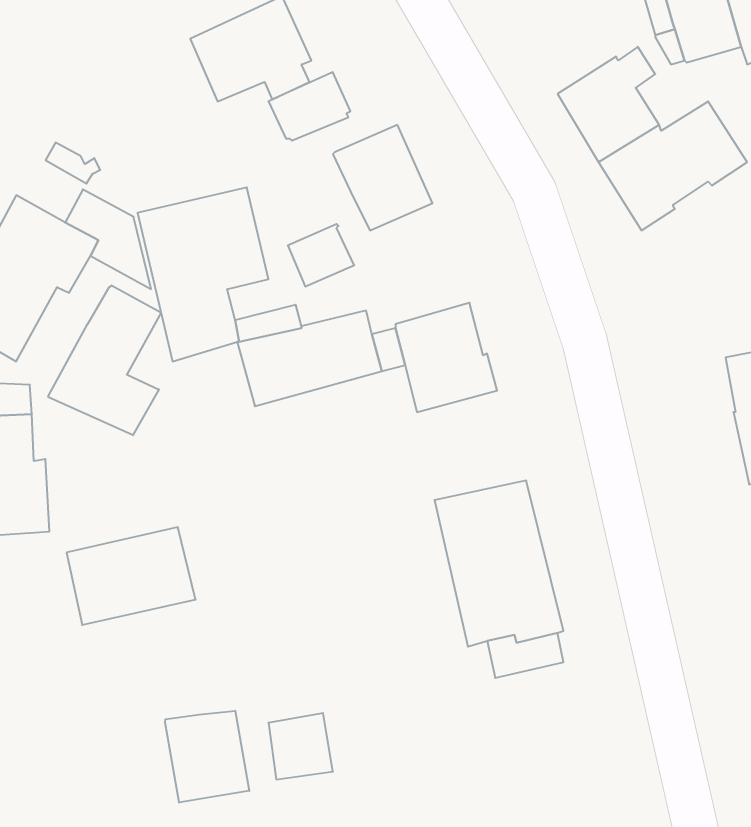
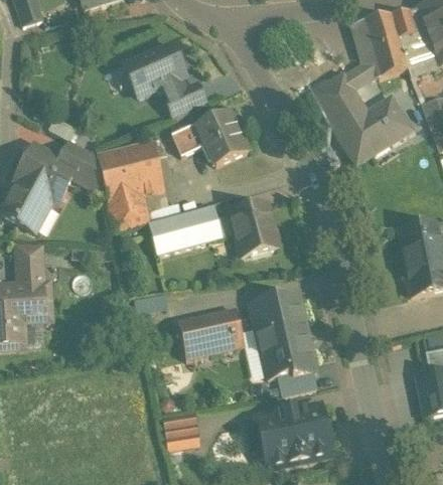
building: [288,224,354,287] -> [172,122,206,154]
building: [48,285,161,435] -> none
building: [67,527,196,625] -> [177,307,244,357]
building: none -> [258,403,331,466]
building: [165,711,249,803] -> none

